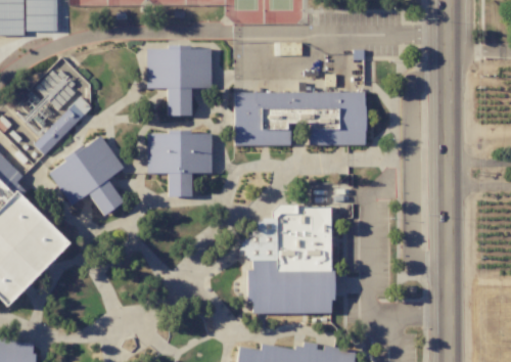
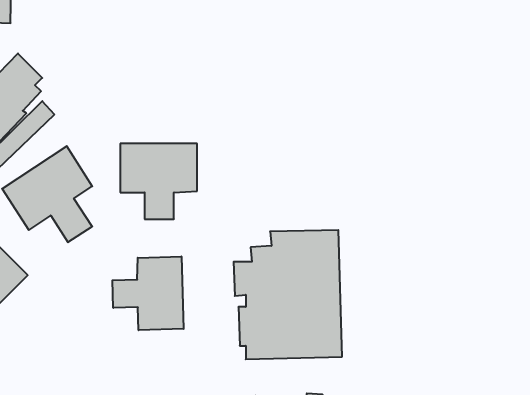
building: [148,47,213,117] -> none
building: [235,92,367,145] -> none
building: none -> [112,256,184,330]

